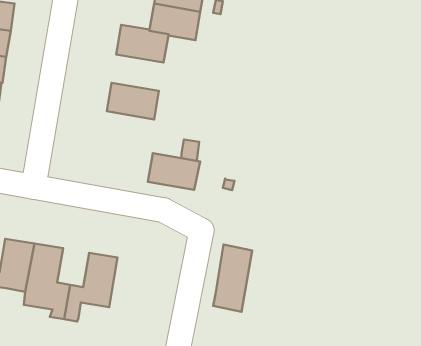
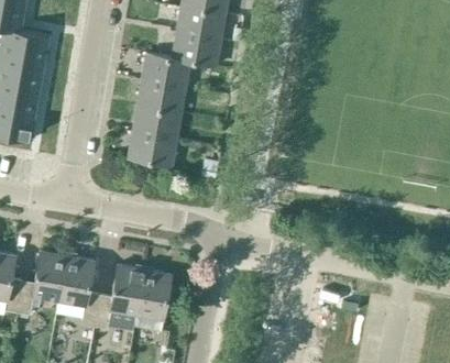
building: none -> [136,80,185,114]
building: [148,153,200,190] -> [128,133,176,167]
building: [213,245,252,312] -> [132,270,168,332]

